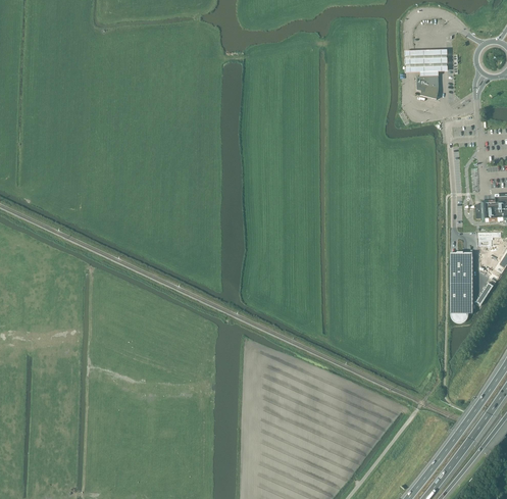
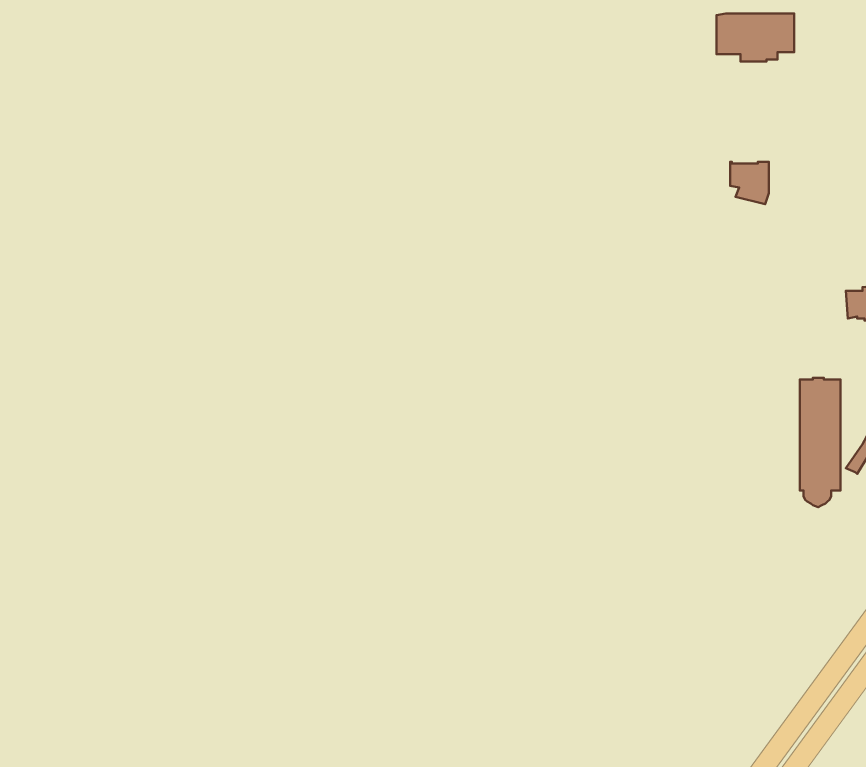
building: [416,74,438,98] -> [730,162,769,204]

